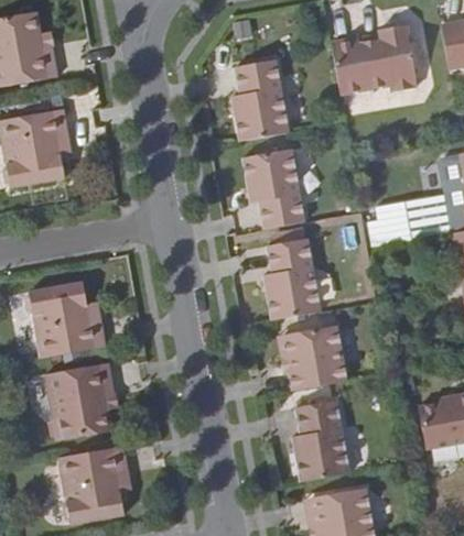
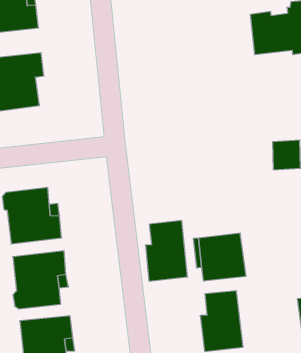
building: [231,59,290,141] -> none
building: [242,149,305,229] -> none
building: [263,238,321,319] -> [145,220,188,281]

